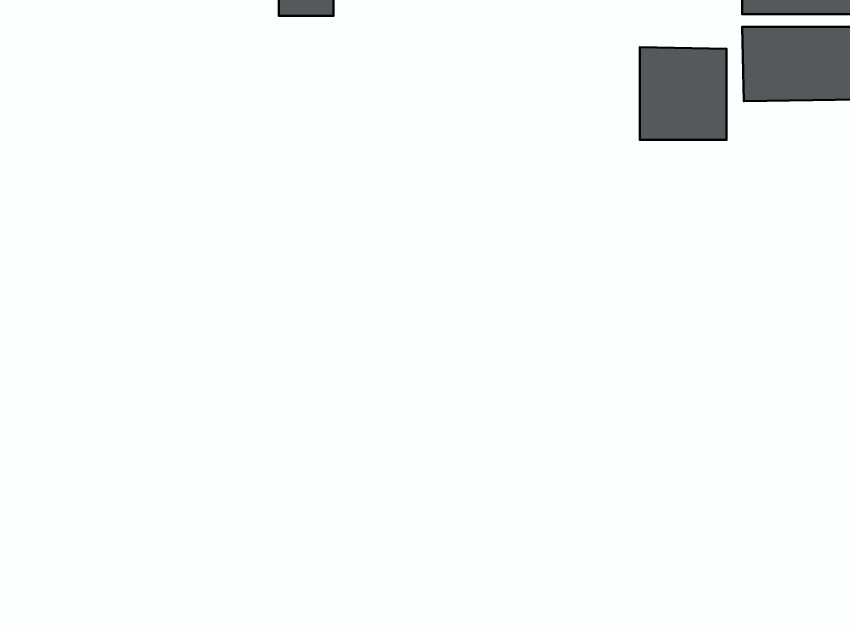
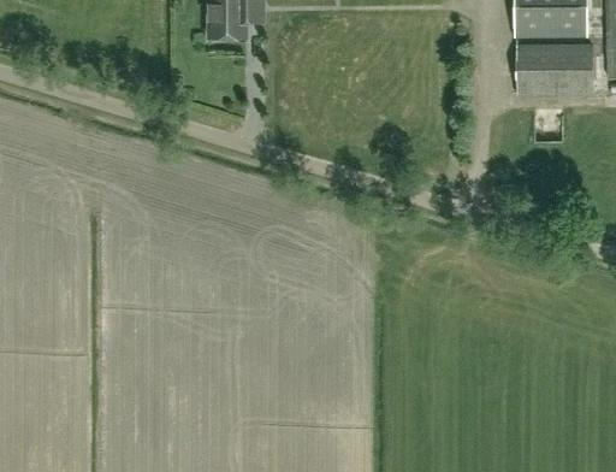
building: [640,47,726,140] -> none

